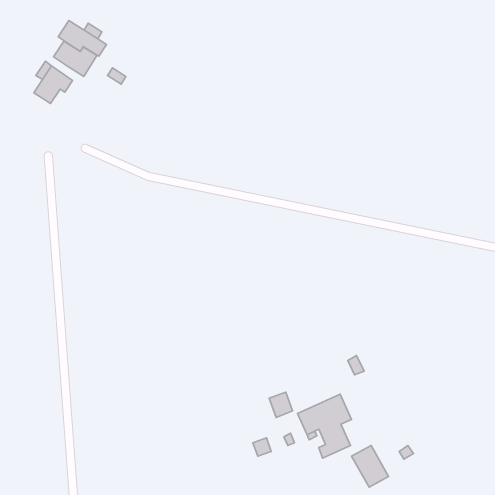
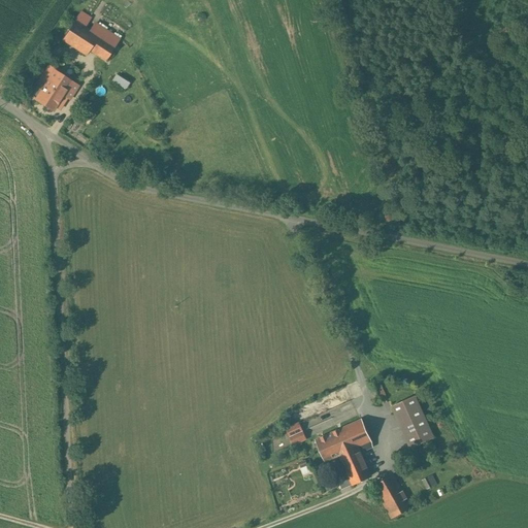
building: [53,41,97,77] -> none
building: none -> [393,397,432,448]

